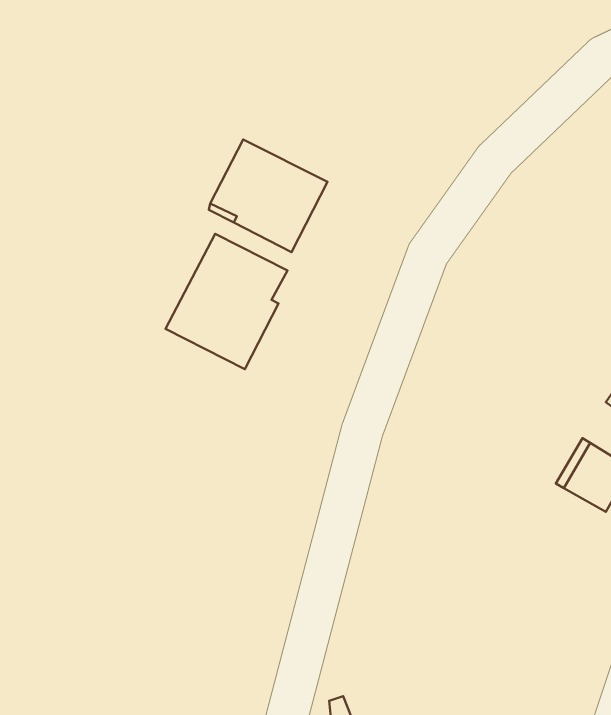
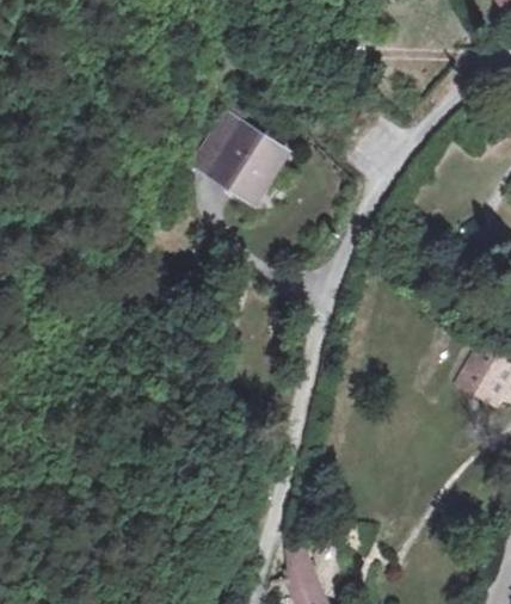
building: [166,234,288,369] -> none

